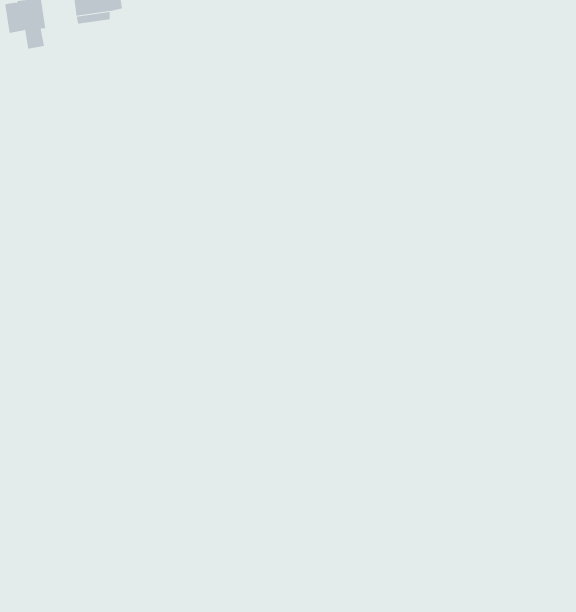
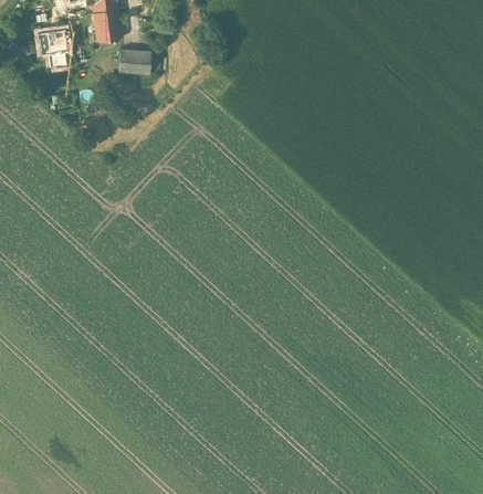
building: none -> [119,49,151,72]

